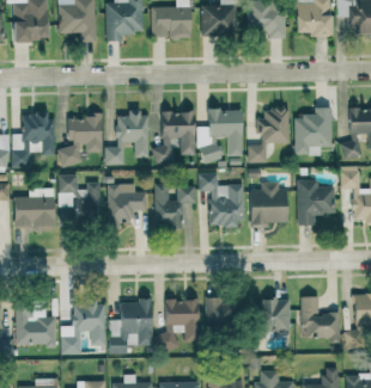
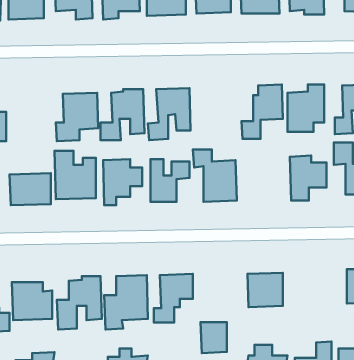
building: [200,110,243,161] -> none
building: [13,112,54,155] -> none
building: [250,184,287,227] -> none
building: [302,295,341,343] -> none
building: [205,297,231,328] -> [201,322,227,353]

